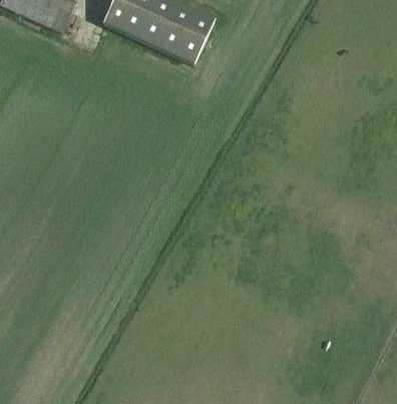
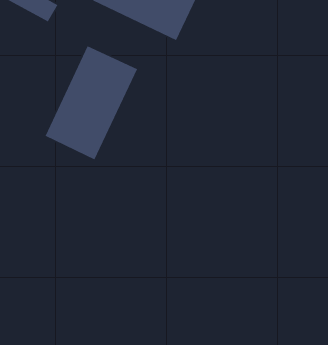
building: none -> [45,45,138,160]

